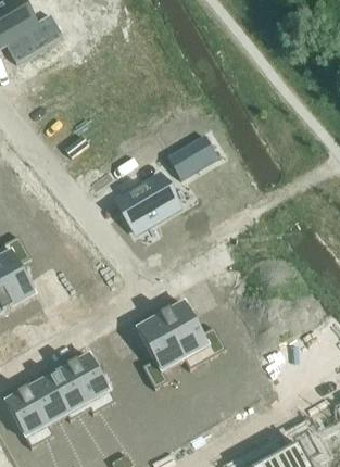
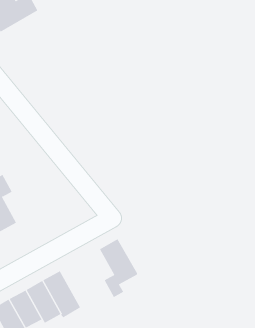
building: [167,134,217,177] -> none
building: [116,174,178,229] -> none
building: [160,301,225,367] -> none

